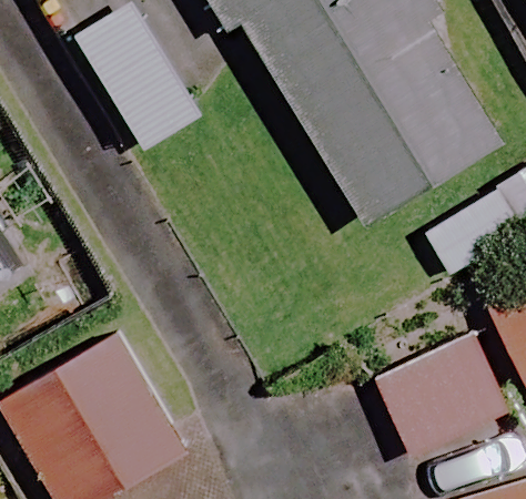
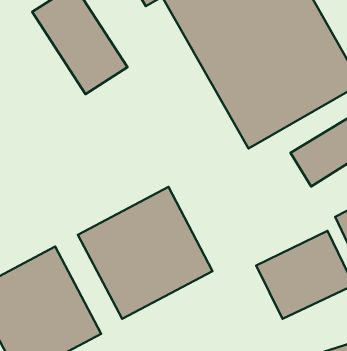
building: none -> [78,187,213,319]

